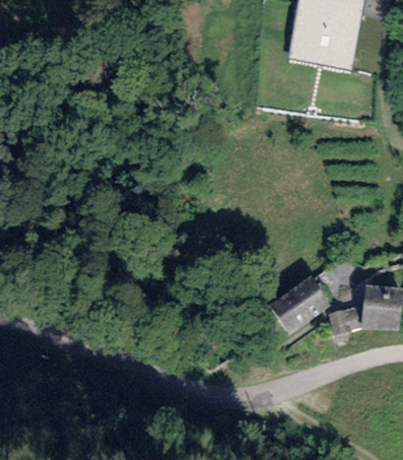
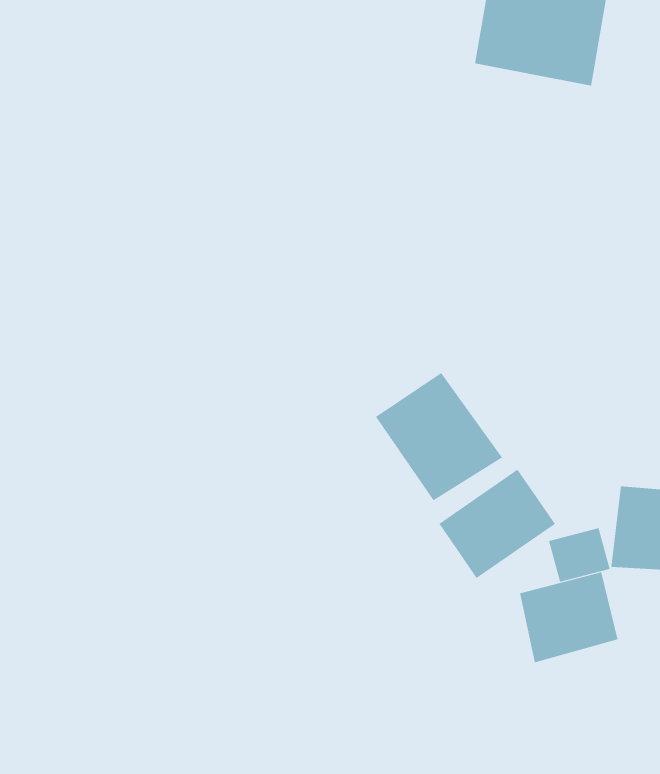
building: none -> [375,372,503,501]
building: none -> [520,572,618,663]

